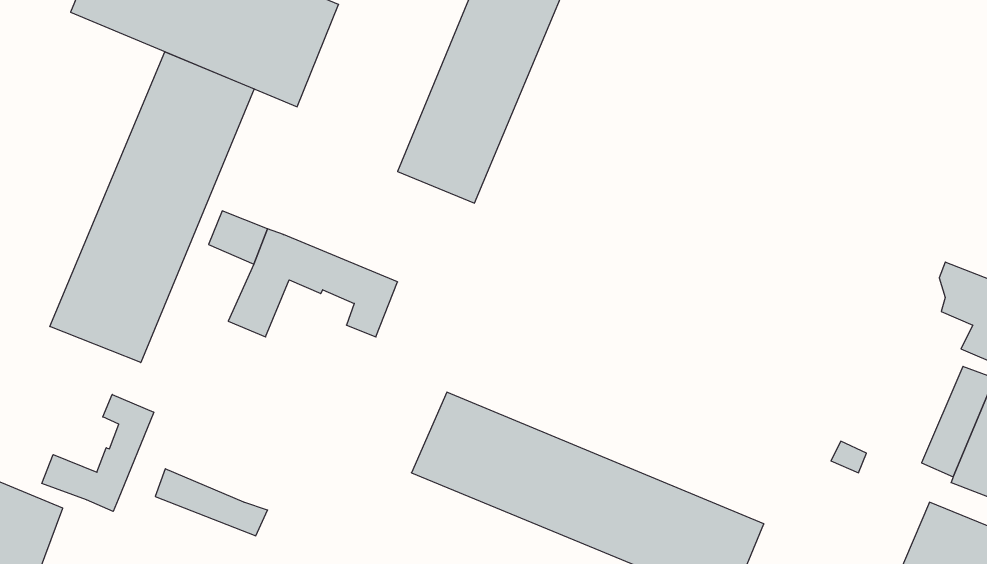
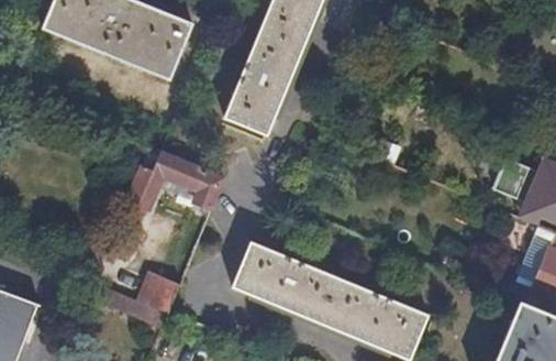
building: [50,52,254,363] -> none
building: [42,394,154,511] -> none
building: none -> [138,275,180,314]

